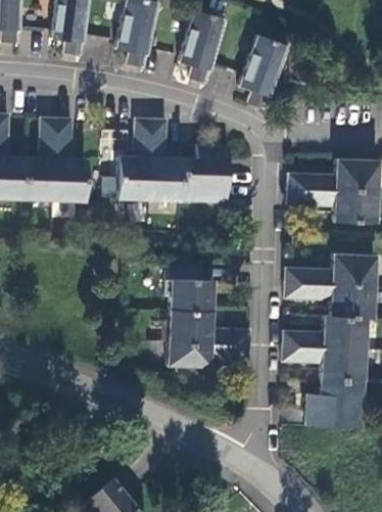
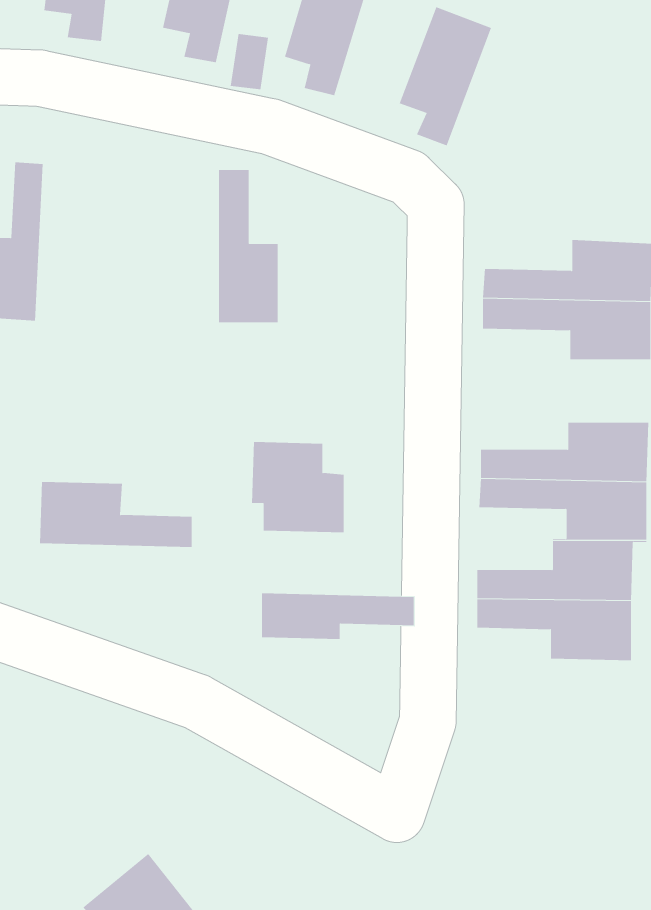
building: [51,118,85,202] -> none
building: [115,121,147,201] -> none
building: [179,146,226,202] -> none
building: [170,311,250,345] -> [39,482,193,548]
building: [306,378,365,426] -> none

